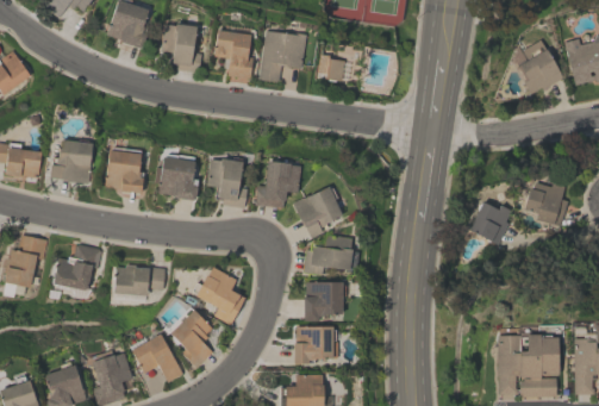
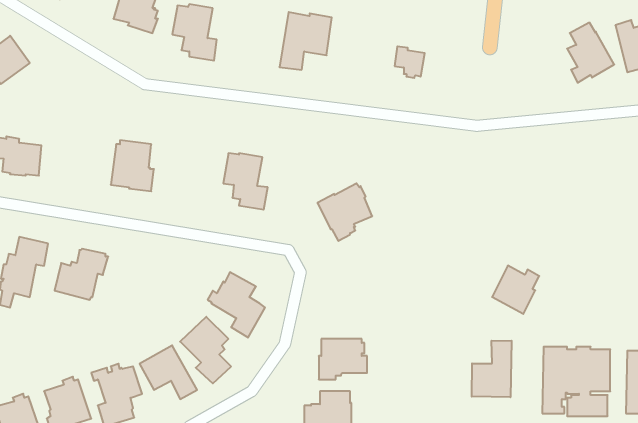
building: [216,30,252,80] -> none
building: [318,55,345,83] -> [395,46,425,78]
building: [50,139,93,185] -> none
building: [155,154,199,201] -> none
building: [256,161,301,208] -> none
building: [524,182,568,227] -> none
building: [469,201,512,245] -> [492,266,539,314]
building: [304,235,360,276] -> none
building: [114,266,166,296] -> none
building: [304,282,343,321] -> none
building: none -> [472,341,512,397]

